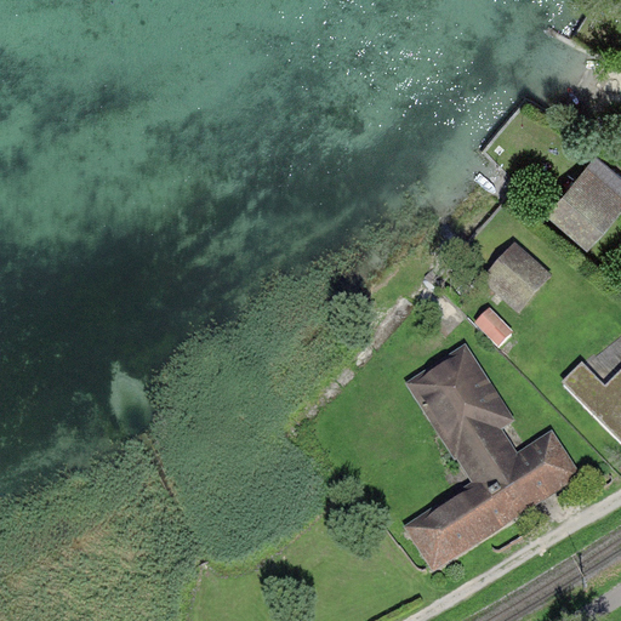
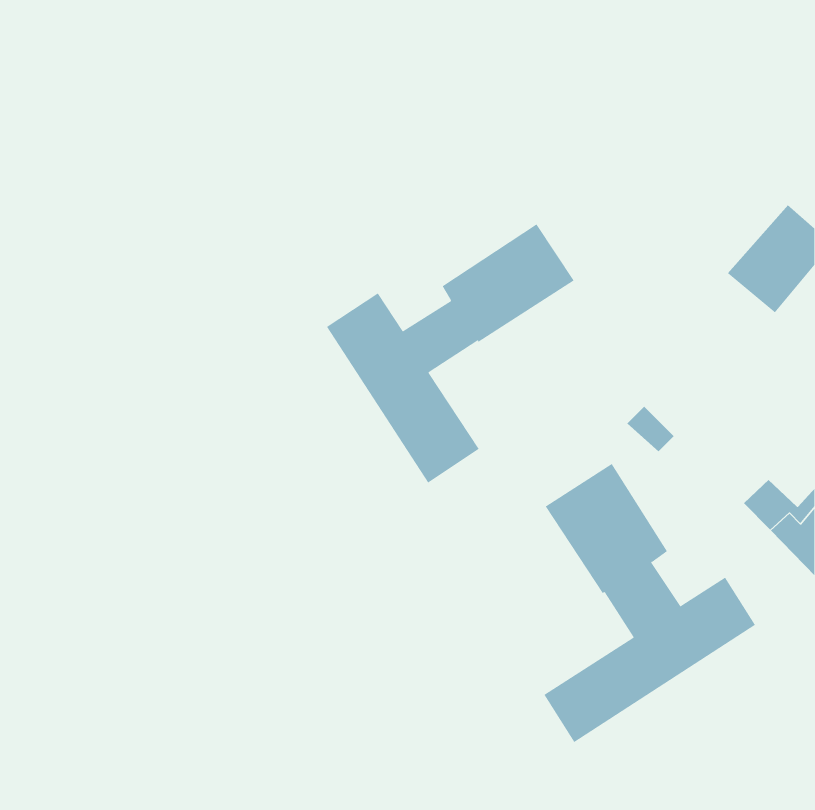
building: none -> [326,224,574,483]
building: [488,247,547,307] -> none

